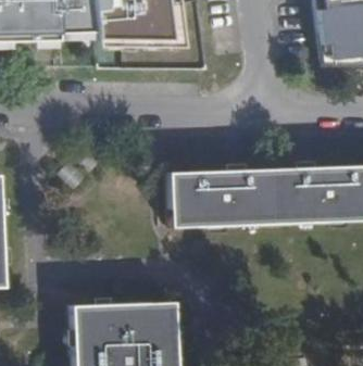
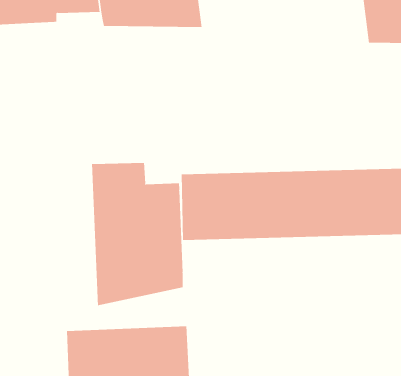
building: none -> [91,162,183,306]

